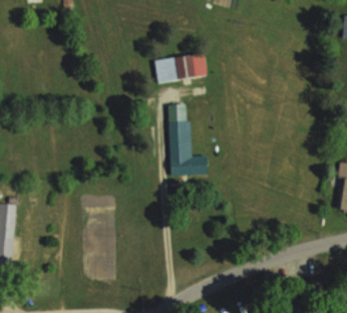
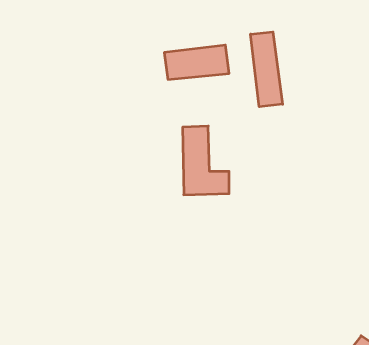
building: none -> [251,32,283,107]

